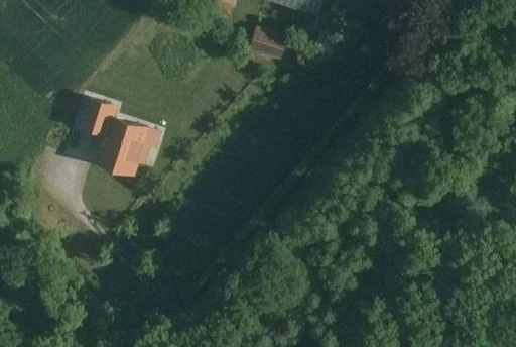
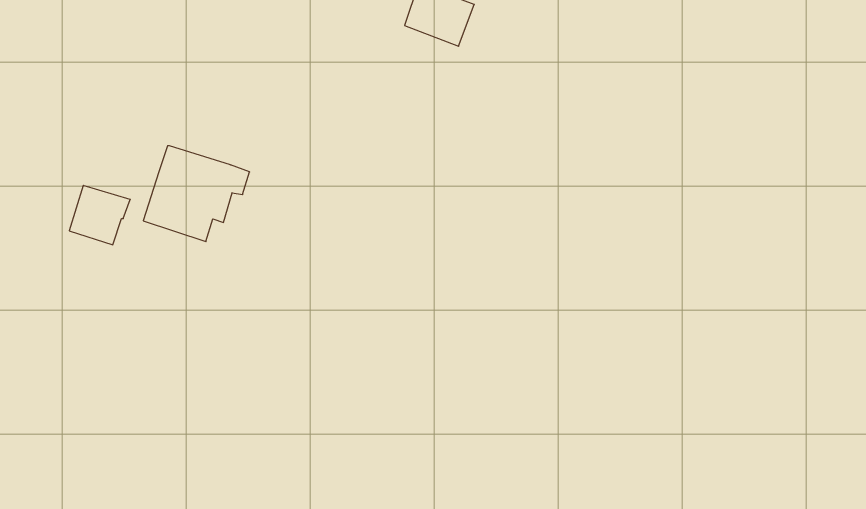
building: [80,97,115,131] -> [69,185,130,245]

